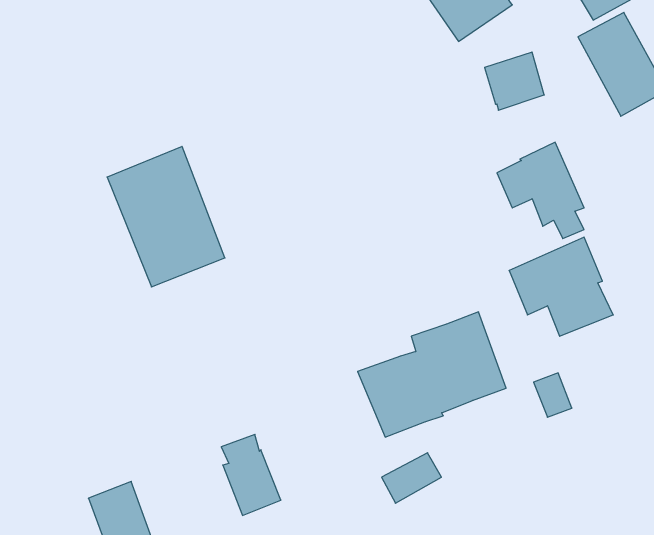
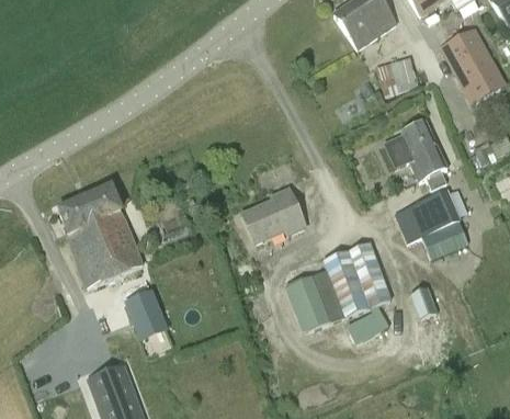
building: [107,146,225,287] -> [57,185,141,286]
building: none -> [241,190,305,245]
building: [221,434,281,515] -> [123,278,166,336]
building: [382,453,441,503] -> [348,308,390,344]

